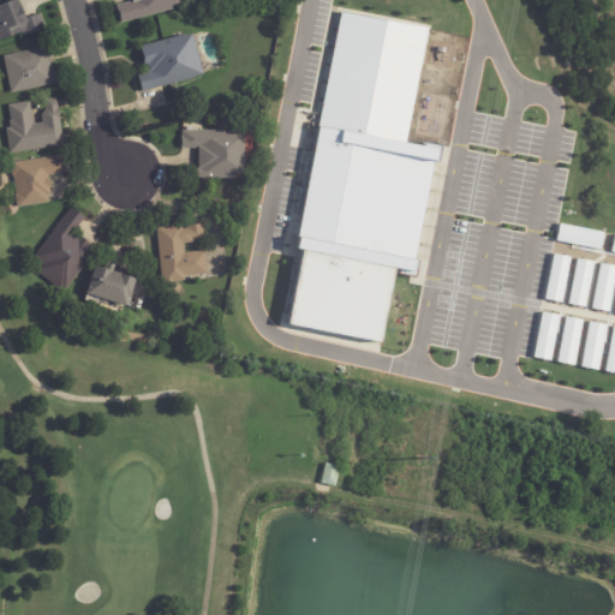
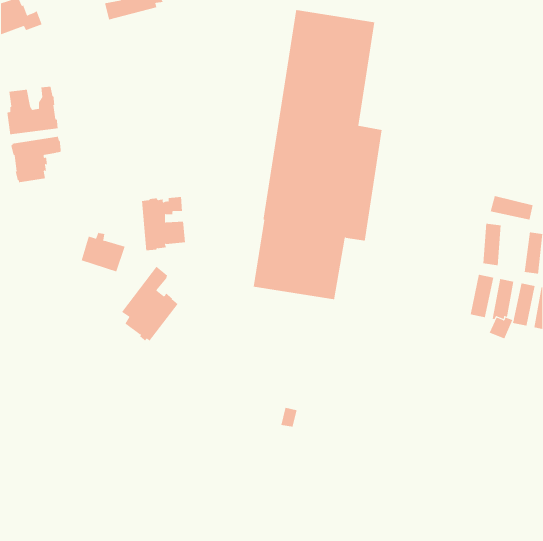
building: [141,34,205,90] -> none
building: [5,46,59,92] -> none
building: [183,129,247,178] -> none
building: [34,205,98,291] -> [121,266,179,341]
building: [569,257,591,305] -> none

